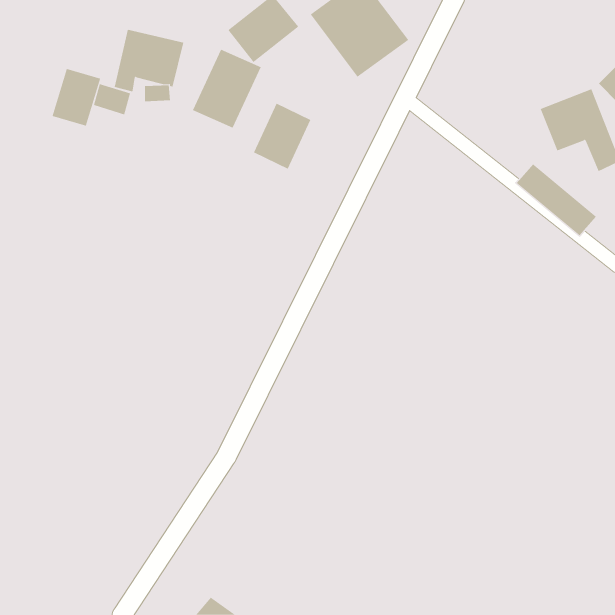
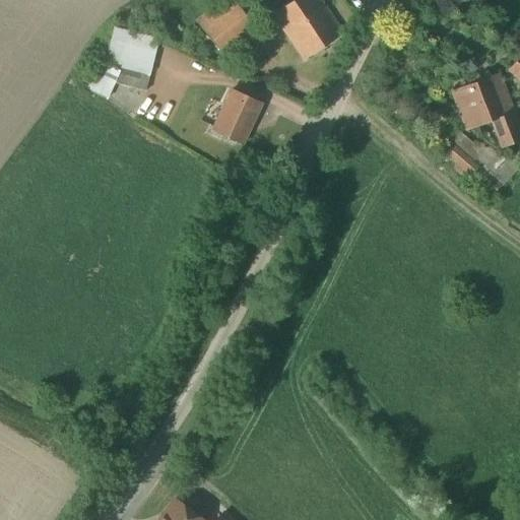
building: [192,49,261,129] -> none
building: [52,68,101,126] -> none

